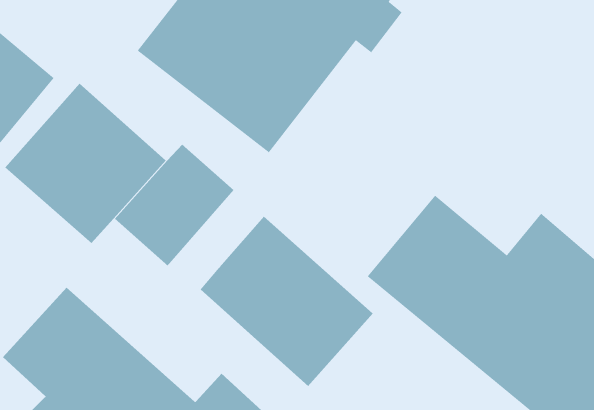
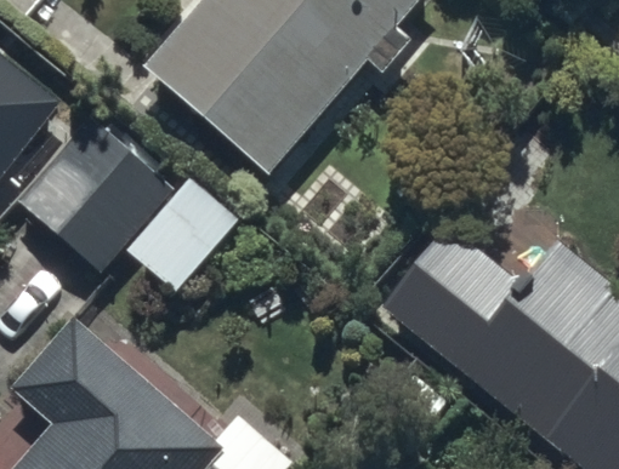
building: [200,216,374,387] -> none

